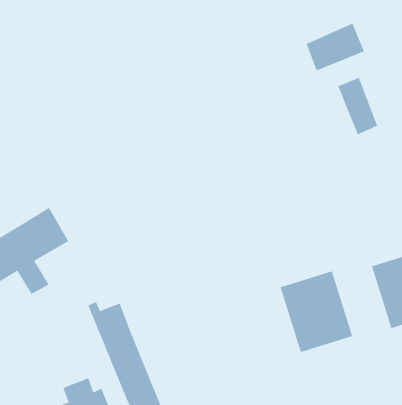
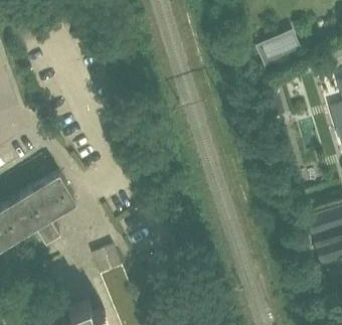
building: [337,77,378,135] -> none
building: [280,271,353,353] -> none

